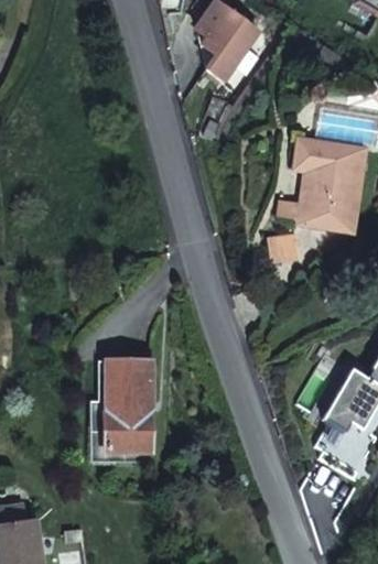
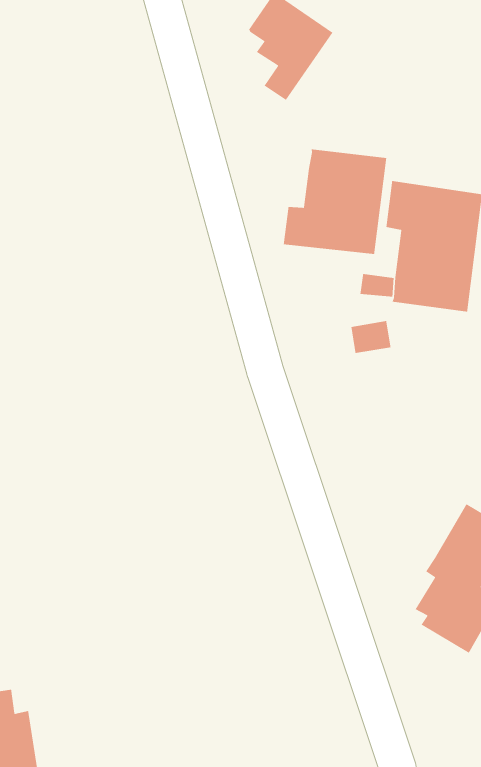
building: none -> [283,148,387,255]
building: [102,360,154,451] -> none

